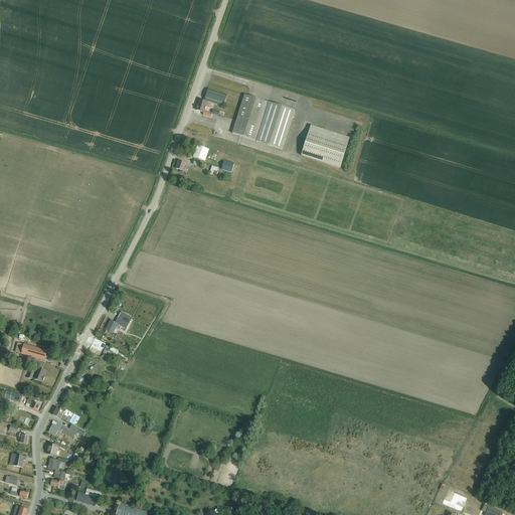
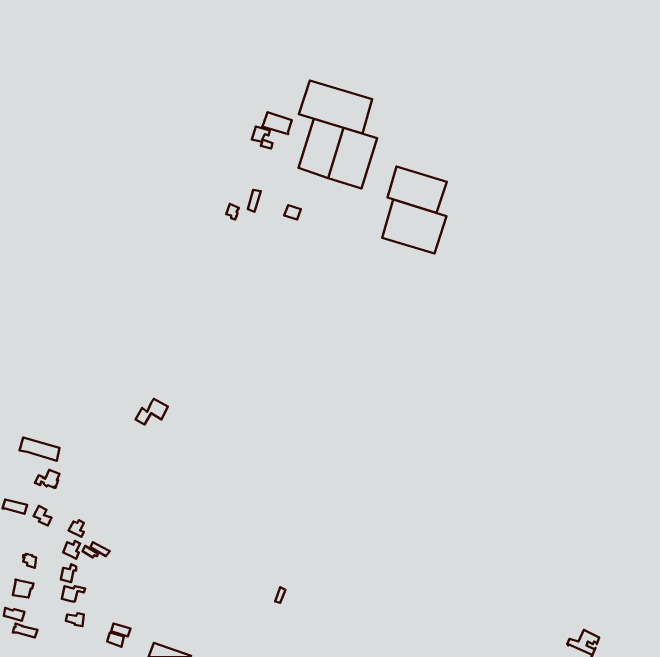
building: none -> [299,80,372,134]
building: none -> [382,200,447,254]

